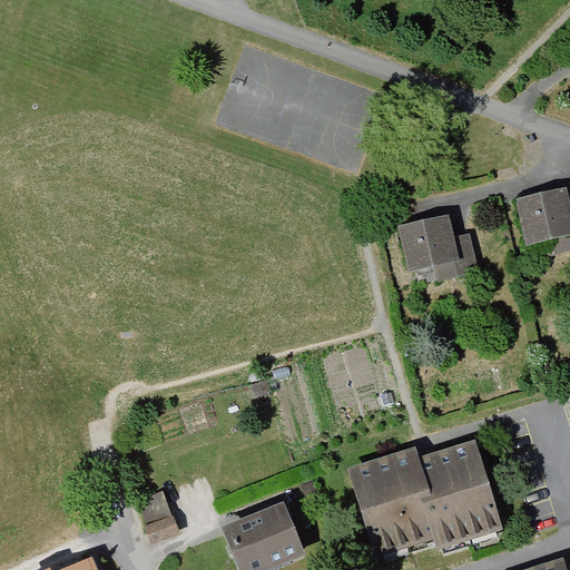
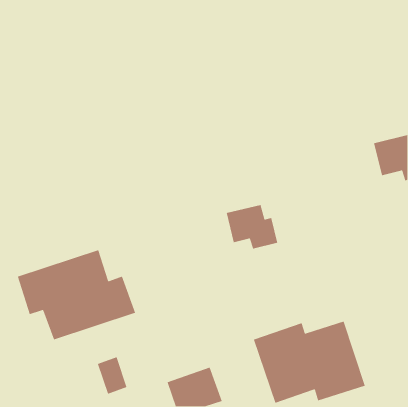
building: [402,214,474,276] -> [226,204,278,250]
building: none -> [17,249,136,341]

